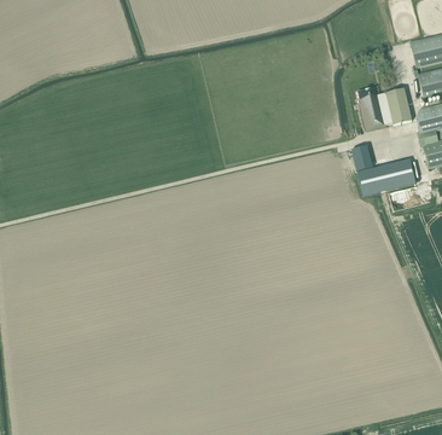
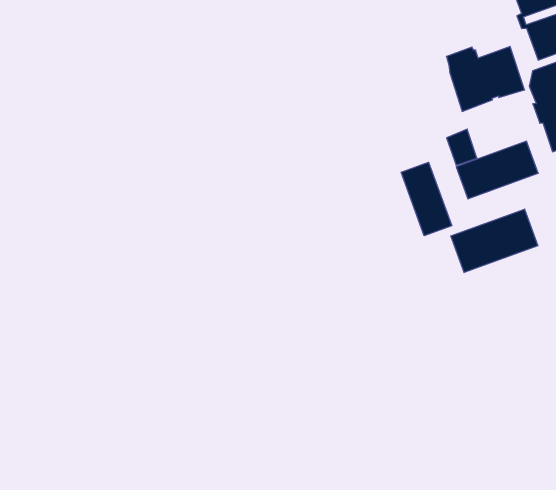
building: none -> [401,162,452,236]
building: none -> [451,209,538,273]

